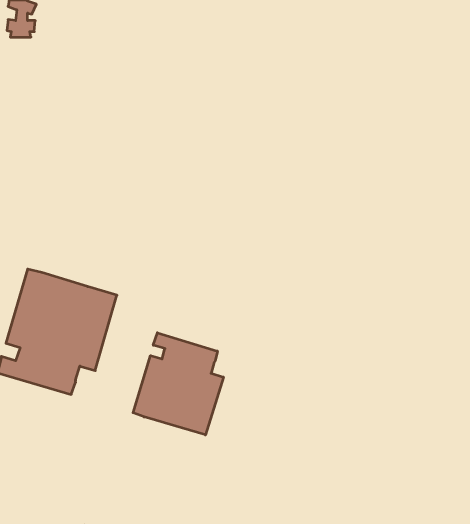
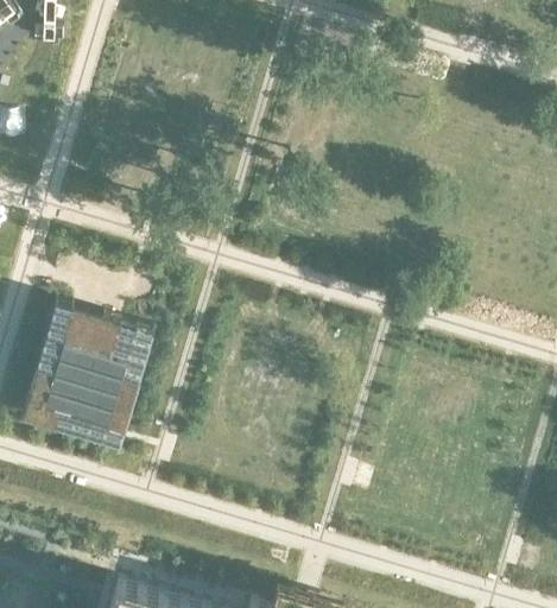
building: [133,333,223,435] -> none

